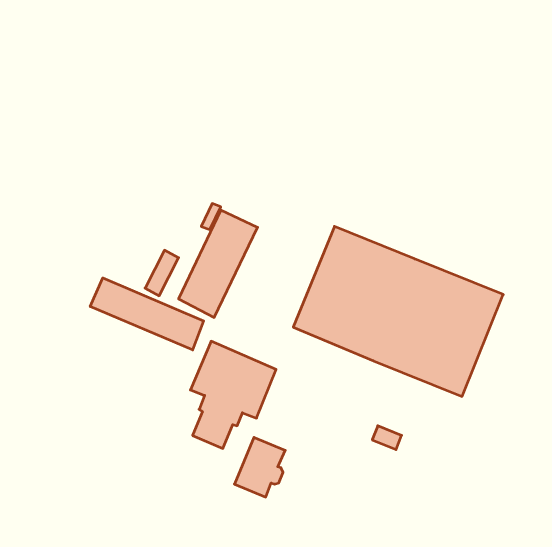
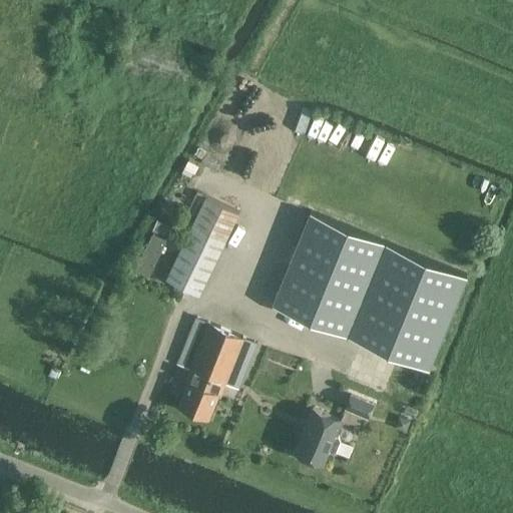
building: [90,278,204,350] -> none
building: [234,437,285,497] -> [294,414,341,469]

